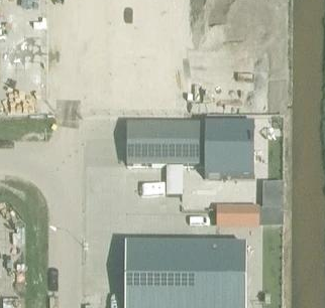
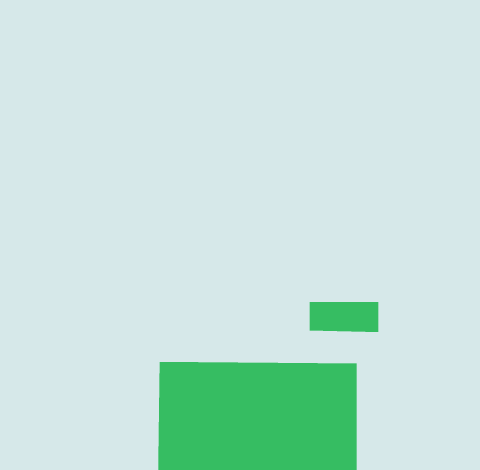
building: [126,120,253,174] -> none

